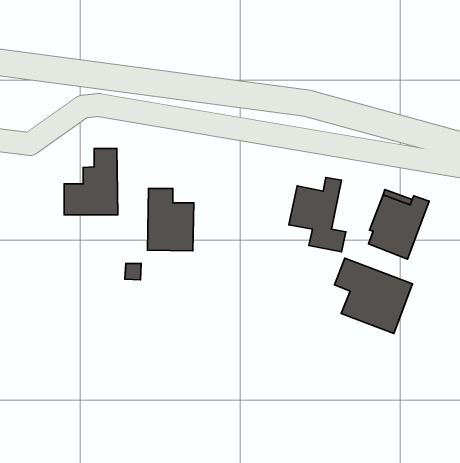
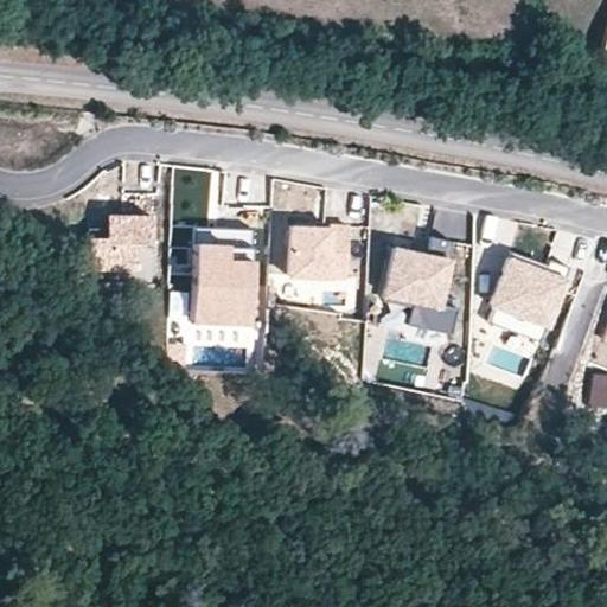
building: none -> [289,225,349,277]
building: [334,258,412,333] -> none

